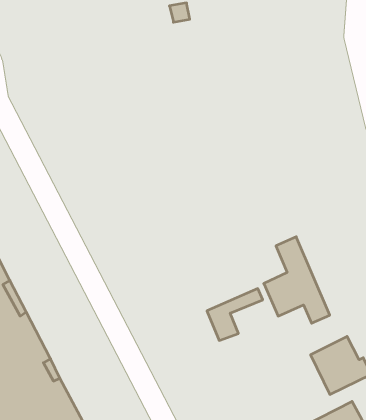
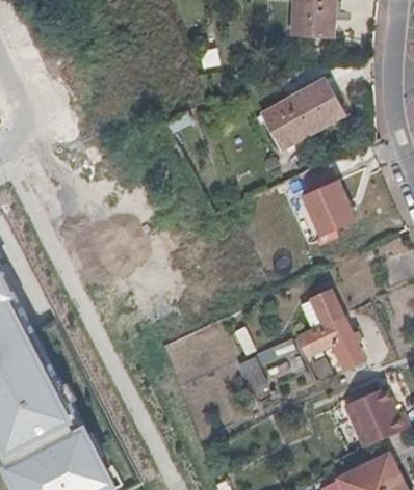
building: none -> [258,81,341,151]
building: none -> [300,179,354,236]

